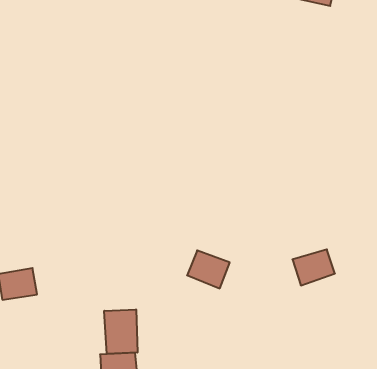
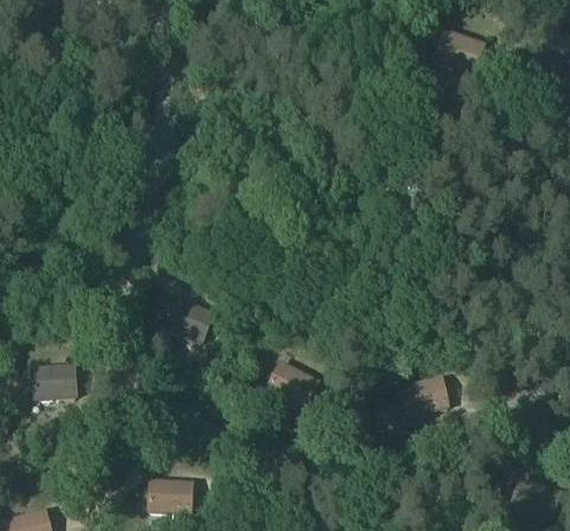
building: none -> [161,295,216,344]
building: [104,309,137,354] -> none

